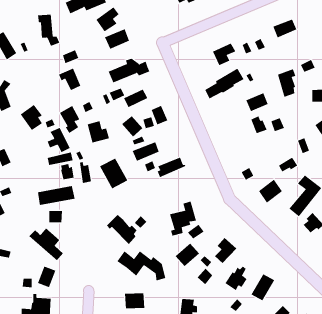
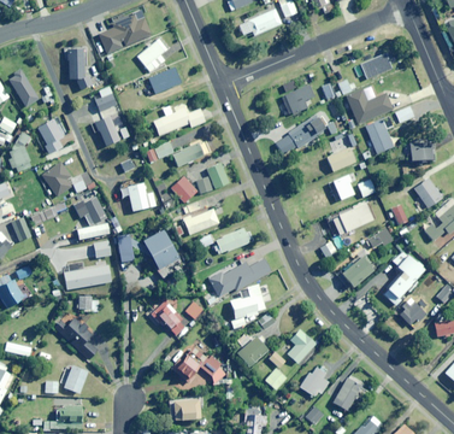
building: none -> [346,88,393,124]
building: [59,105,80,134] -> [37,118,64,154]
building: none -> [331,203,371,234]
building: none -> [208,258,271,297]

